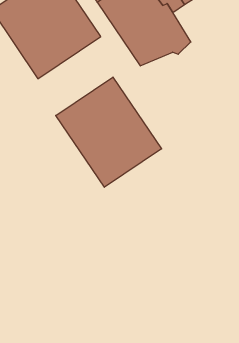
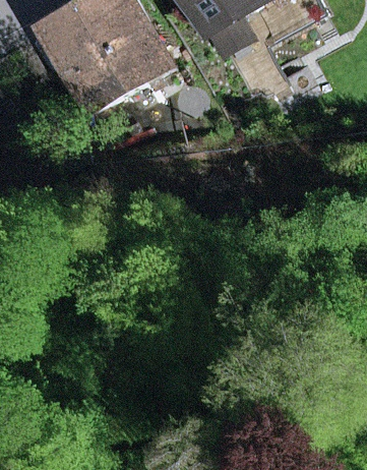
building: [56,77,162,187] -> none

